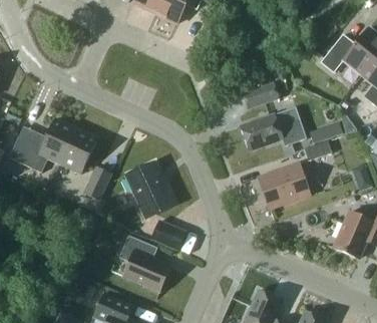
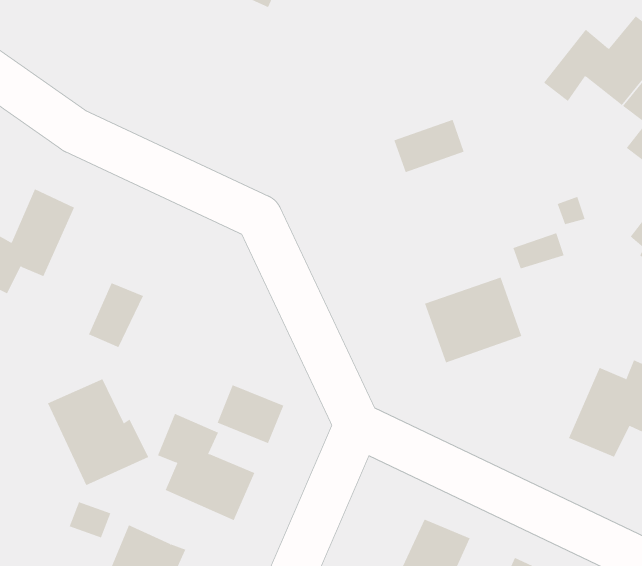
building: [240,106,306,150] -> none
building: [59,127,96,174] -> none
building: [124,162,177,218] -> [47,378,149,486]

